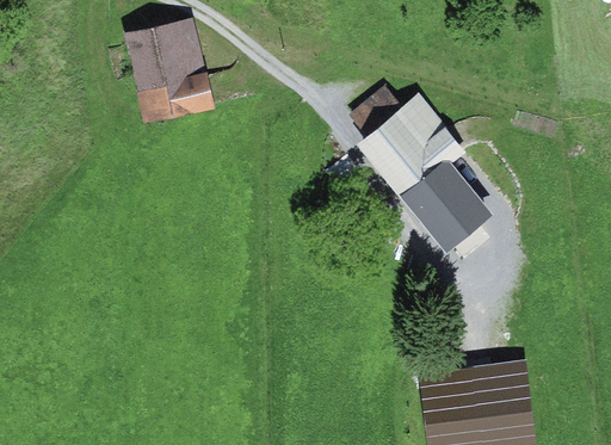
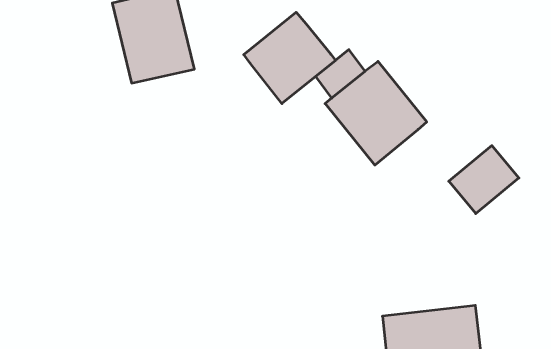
building: none -> [244,12,335,104]
building: [414,174,492,249] -> [449,146,519,214]

